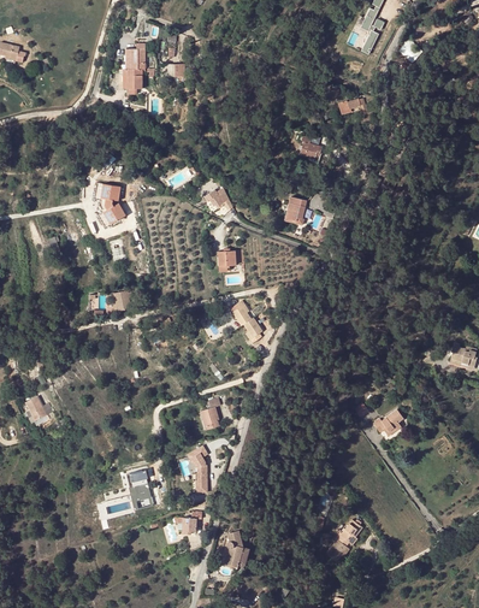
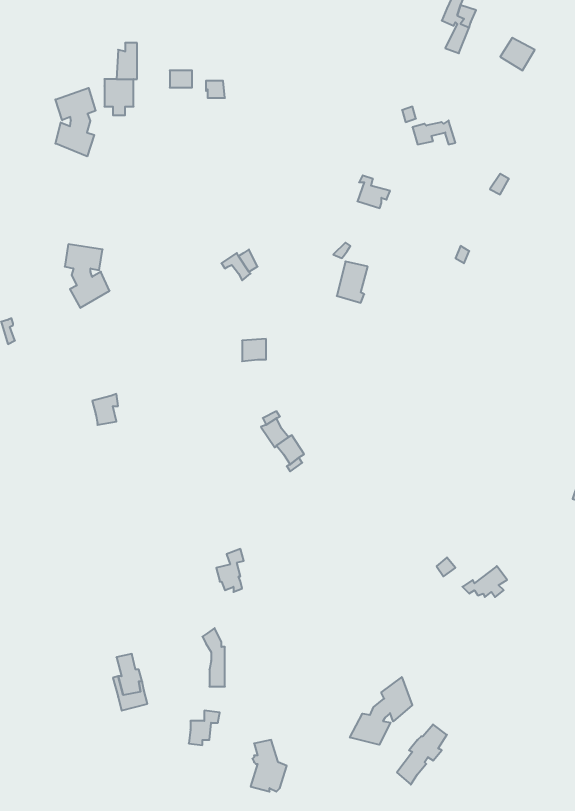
building: none -> [55,88,96,156]
building: none -> [350,677,412,745]

